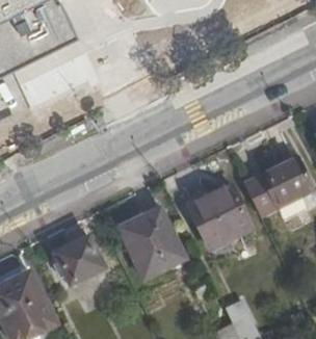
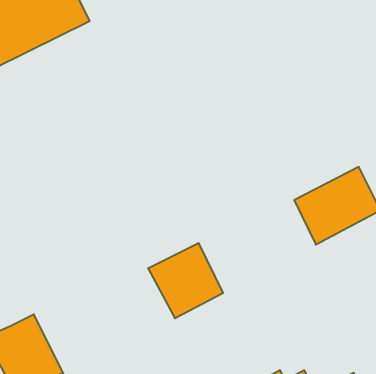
building: [187,183,248,243] -> none
building: [51,234,101,283] -> none

